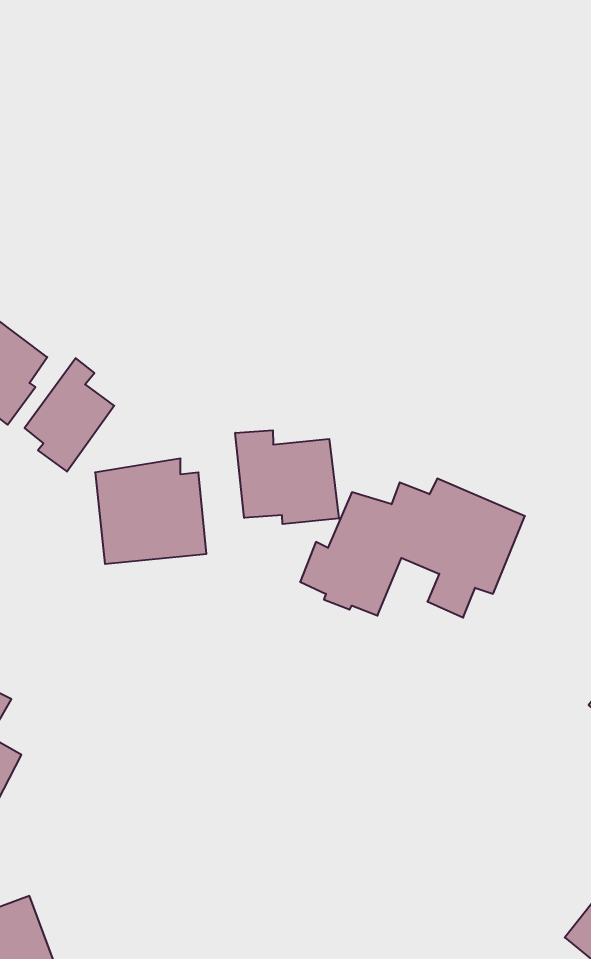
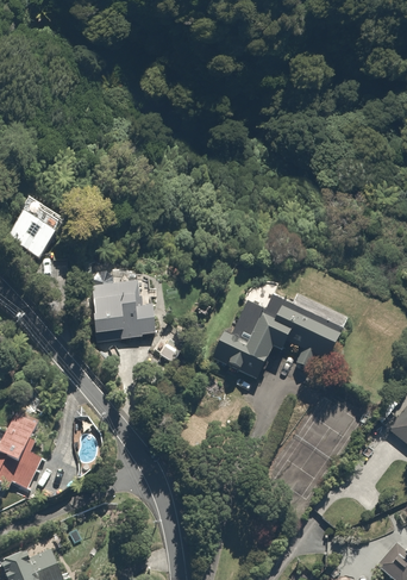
building: [25,358,114,472] -> none
building: [235,430,339,524] -> none

